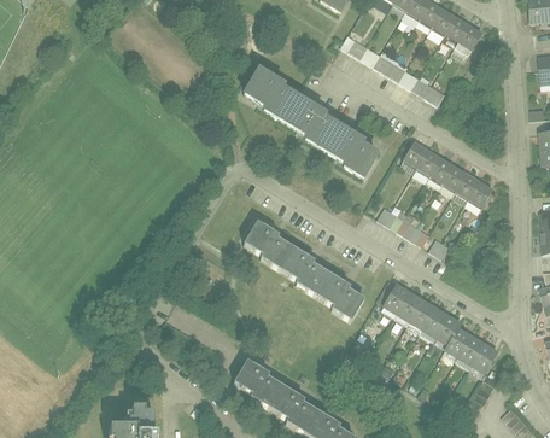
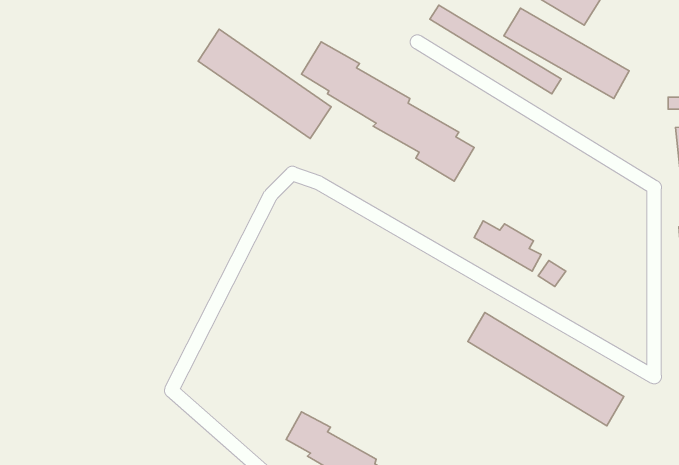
building: none -> [198,29,331,139]
building: [394,134,493,205] -> [504,8,629,98]
building: [242,216,364,316] -> none

